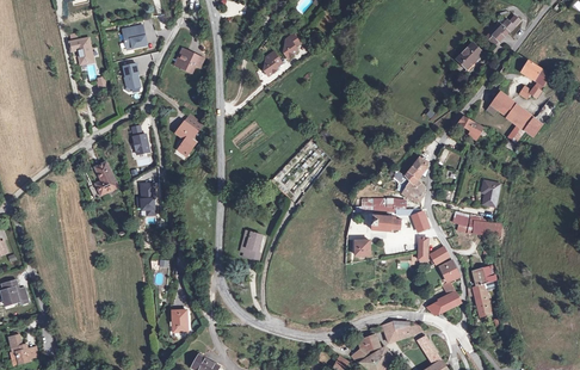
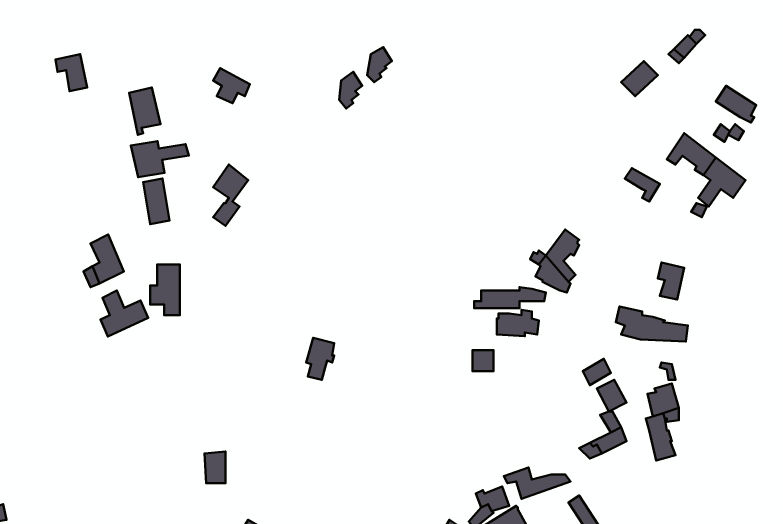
building: [121,23,147,49] -> none
building: none -> [131,141,189,177]
building: none -> [100,291,148,337]

